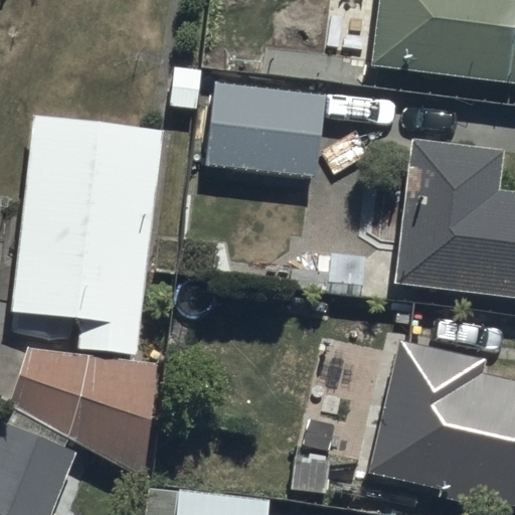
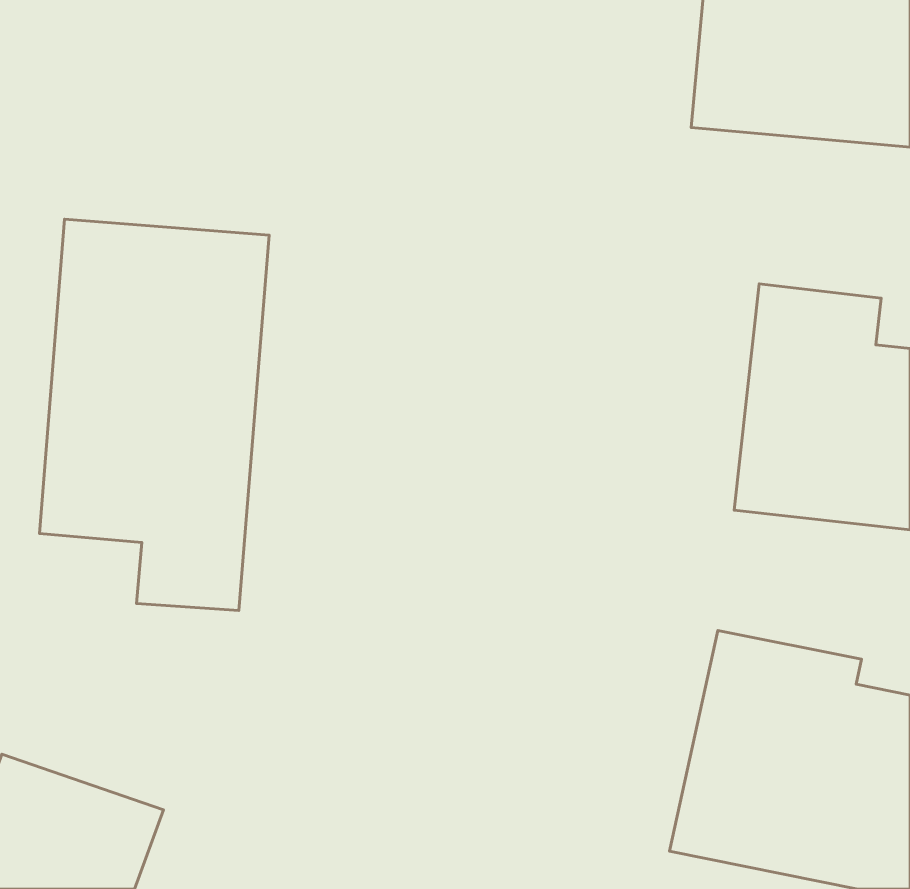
building: [209,82,315,166] -> none
building: [20,348,150,473] -> none

